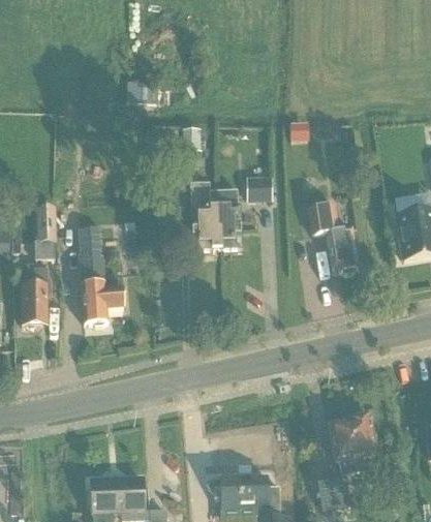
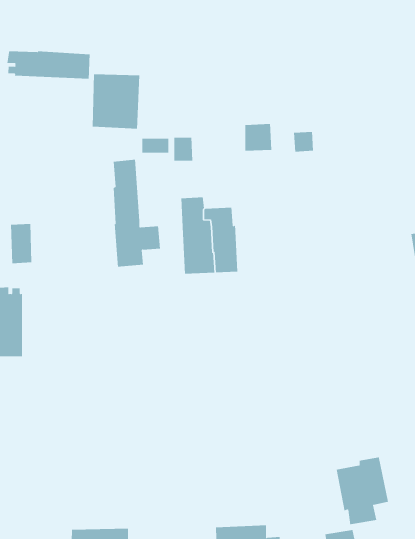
building: none -> [7,50,90,79]
building: [246,175,271,199] -> [245,124,272,151]
building: [307,204,359,271] -> none
building: [80,225,123,323] -> [113,159,161,267]

